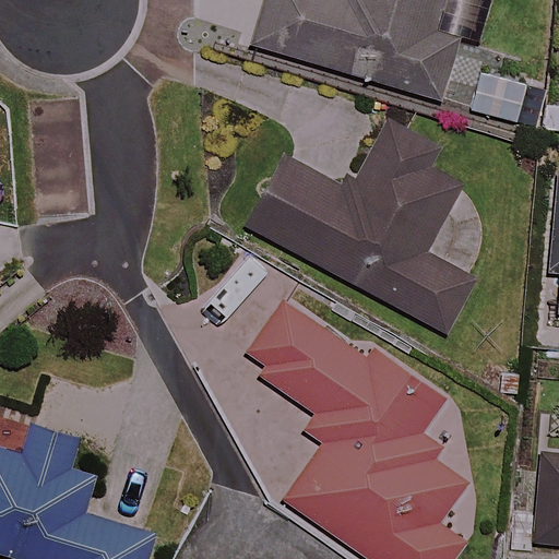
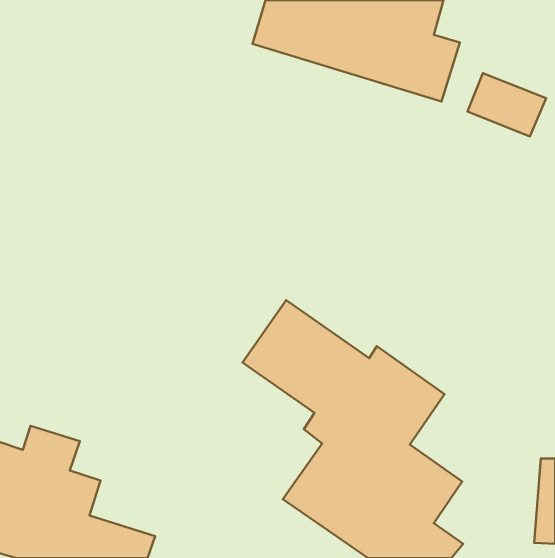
building: [247,115,473,332] -> none

